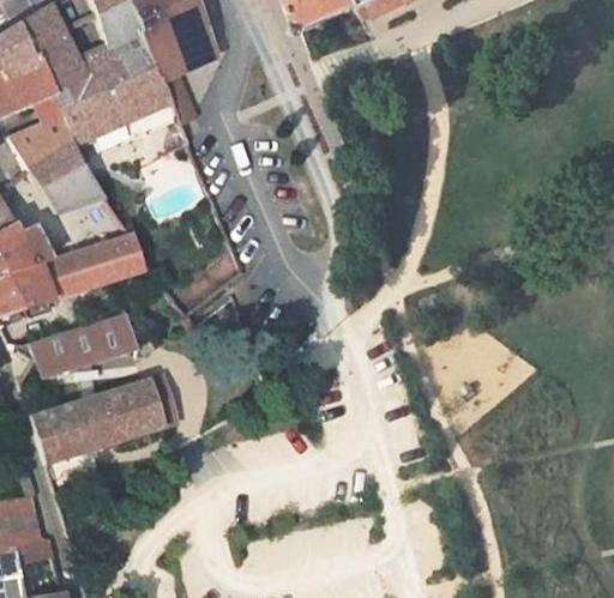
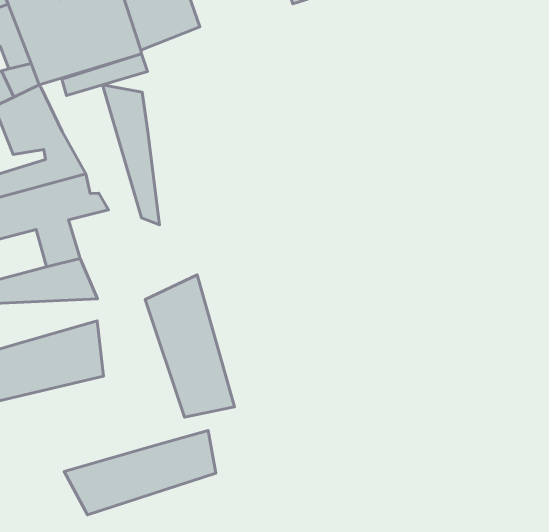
building: none -> [102,85,159,225]
building: none -> [145,275,234,417]
building: none -> [64,431,216,515]

